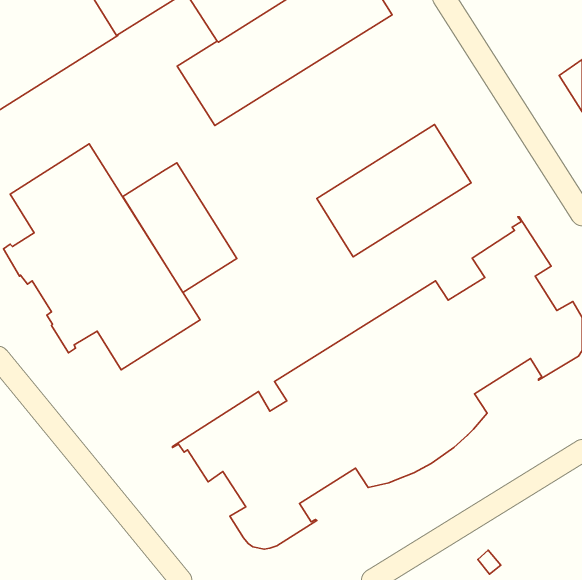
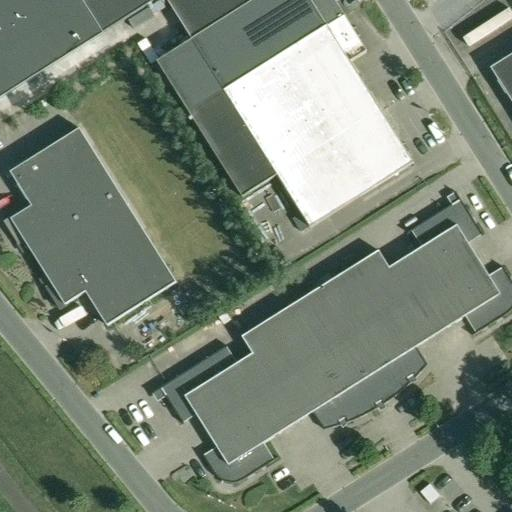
building: none -> [188,13,380,194]
building: [123,163,237,292] -> none

